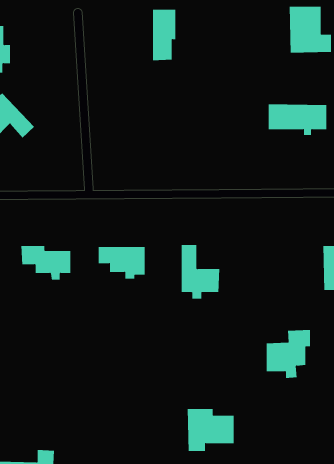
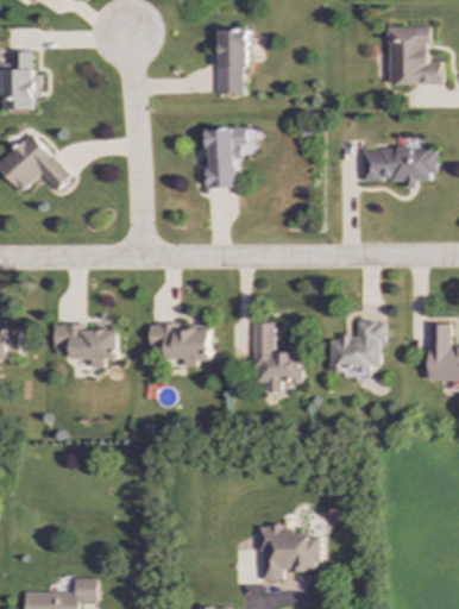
building: none -> [202,127,245,188]
building: [266,330,311,378] -> [329,320,385,381]

